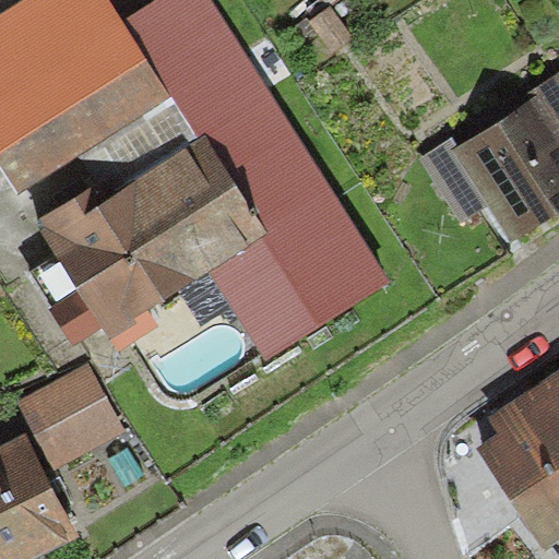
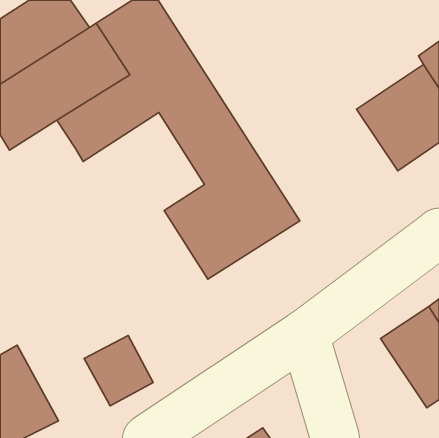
building: [25,144,260,341] -> none
building: [29,374,117,464] -> [84,335,153,406]

